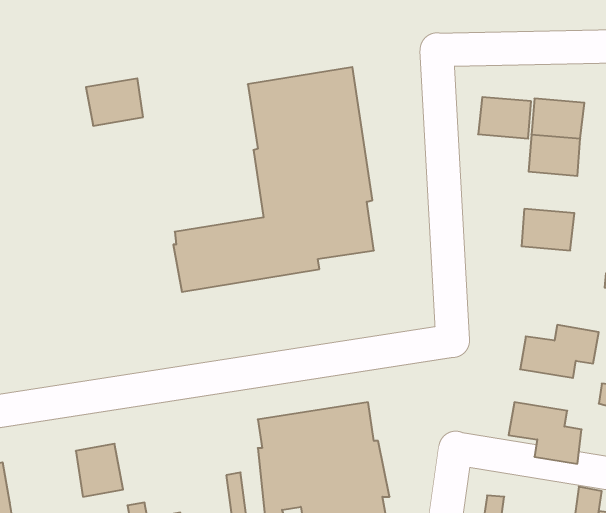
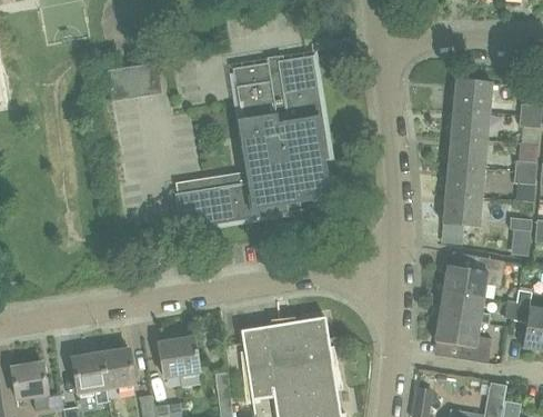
building: [478,97,531,139] -> [446,136,487,168]
building: none -> [442,193,482,226]
building: none -> [433,289,490,322]
building: none -> [157,336,200,377]
building: none -> [70,353,104,393]

